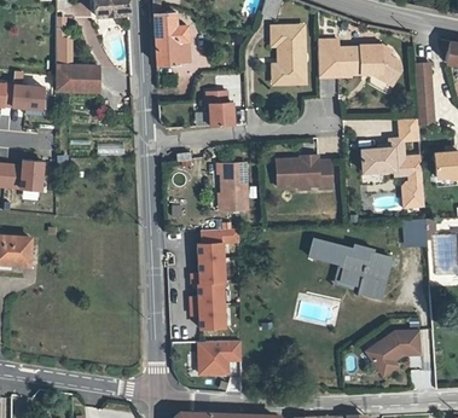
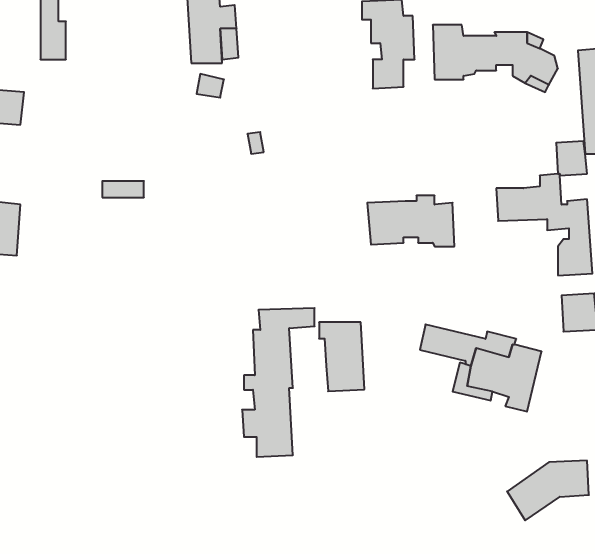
building: [57,64,99,88] -> none
building: [207,92,233,127] -> none
building: [218,164,248,210] -> [319,322,364,391]
building: [202,342,245,375] -> none

